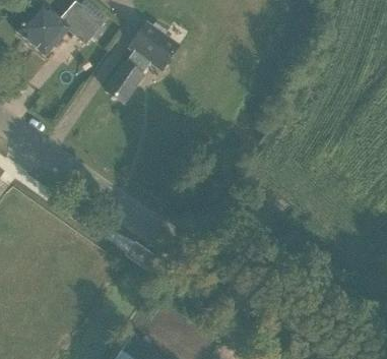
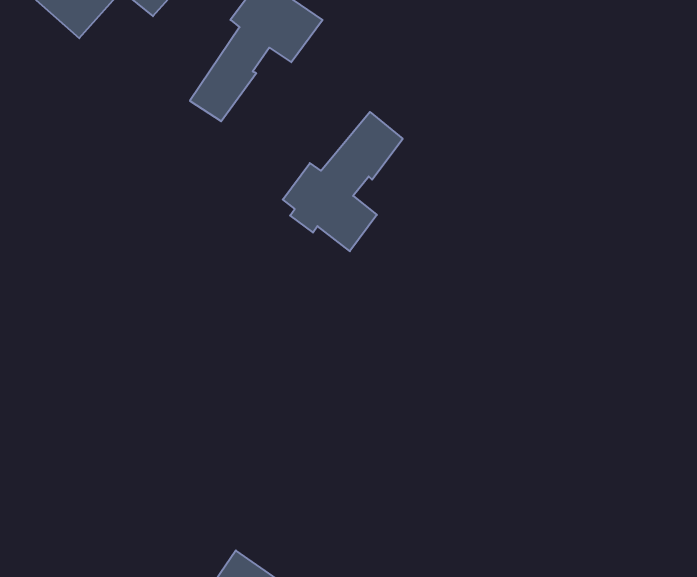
building: none -> [283,112,403,251]

